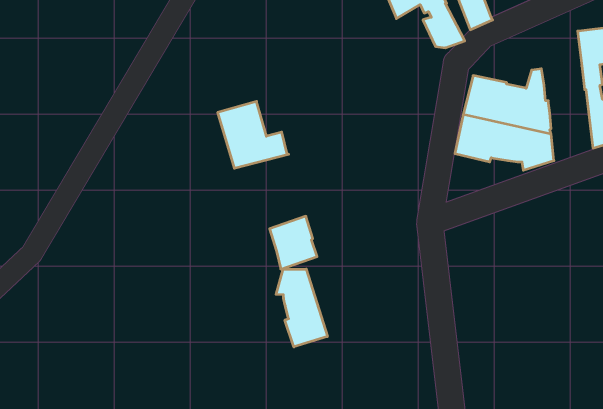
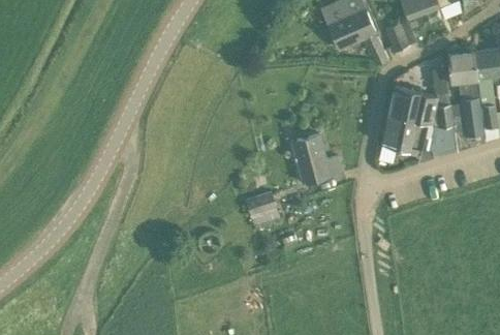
building: none -> [447,54,482,150]
building: [218,101,289,168] -> [290,134,343,184]
building: [276,269,327,347] -> none

